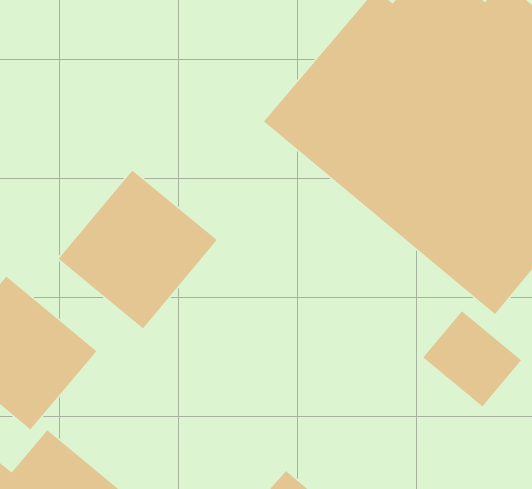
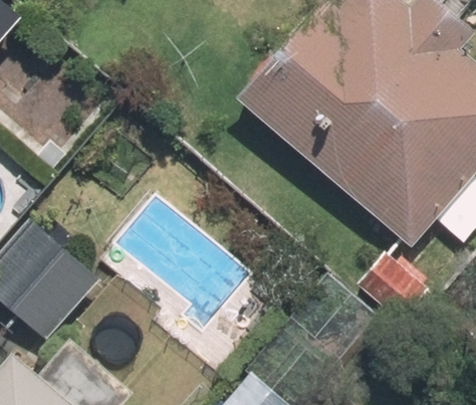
building: [58,169,218,329] -> none

